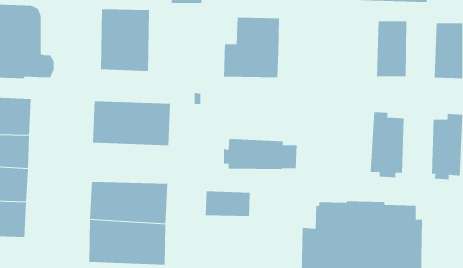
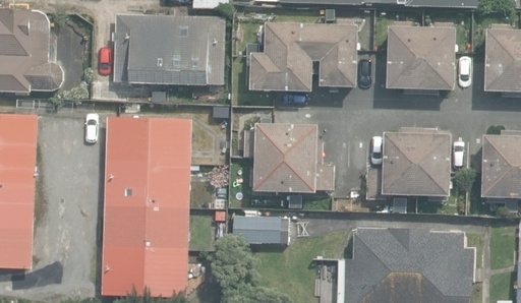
building: none -> [168,15,224,84]
building: none -> [312,24,357,86]
building: none -> [387,26,422,89]
building: none -> [242,124,319,161]
building: none -> [365,128,417,199]
building: none -> [104,163,190,207]

